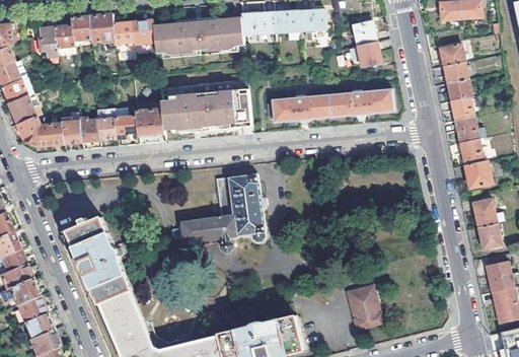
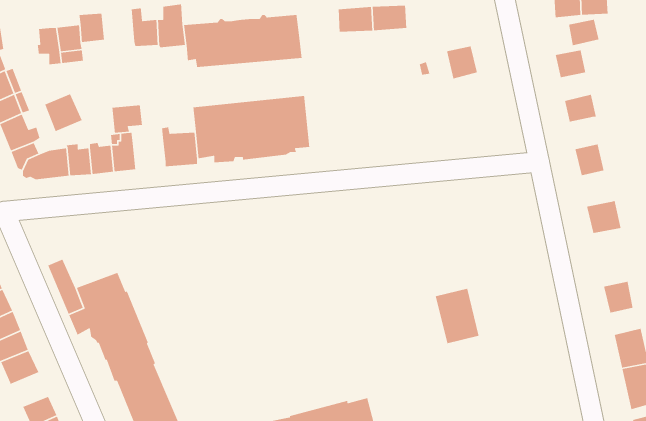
building: [89,13,114,47] -> none
building: [240,13,273,33] -> none
building: [352,19,375,46] -> none
building: [444,63,468,84] -> [568,19,600,46]
building: none -> [44,93,83,132]
building: [266,89,393,122] -> none
building: [451,97,473,122] -> none
building: [114,116,138,138] -> [112,105,143,133]
building: [460,139,484,166] -> none
building: [170,174,266,252] -> none
building: [472,200,497,228] -> none
building: [348,285,382,329] -> [435,288,479,344]
building: [19,295,48,322] -> none

